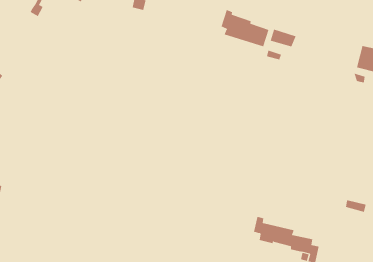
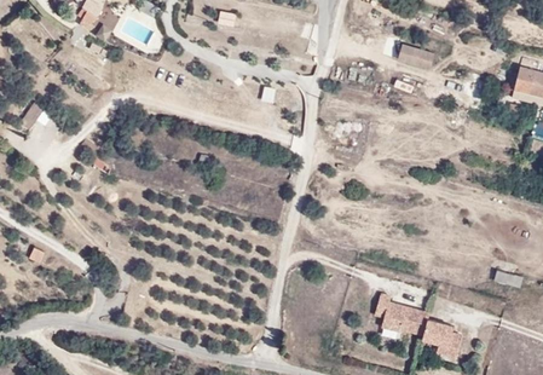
building: [221,9,269,47] -> none

